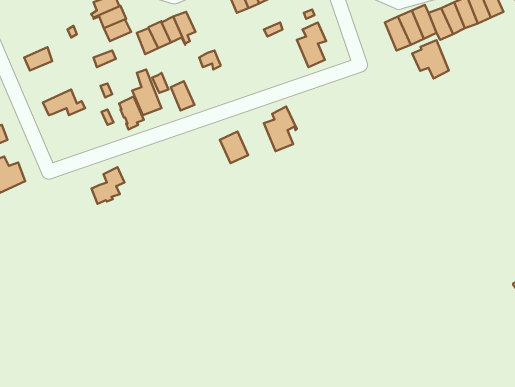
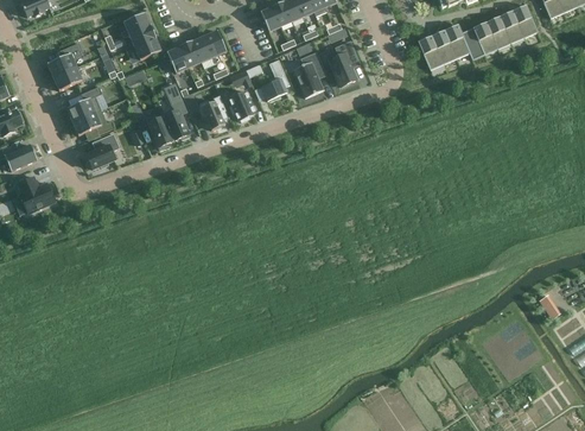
building: none -> [47,42,84,76]
building: none -> [261,58,290,100]
building: [412,40,449,78] -> none
building: none -> [66,85,102,121]
building: [264,107,297,151] -> [293,51,326,96]
building: [220,131,248,163] -> [228,88,256,120]
building: [92,167,124,204] -> [87,132,120,169]

